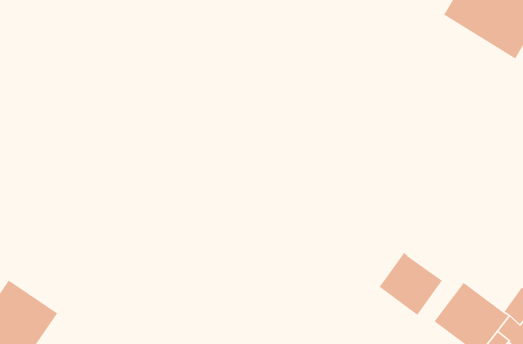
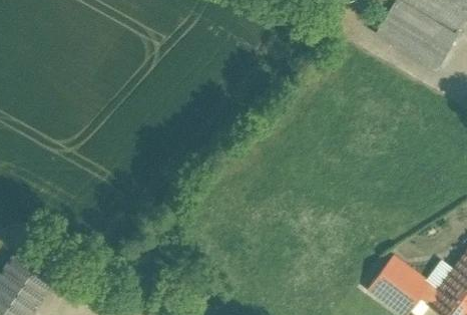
building: [378,252,443,316] -> none

